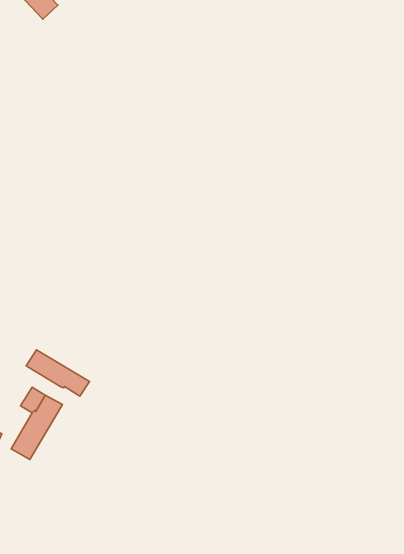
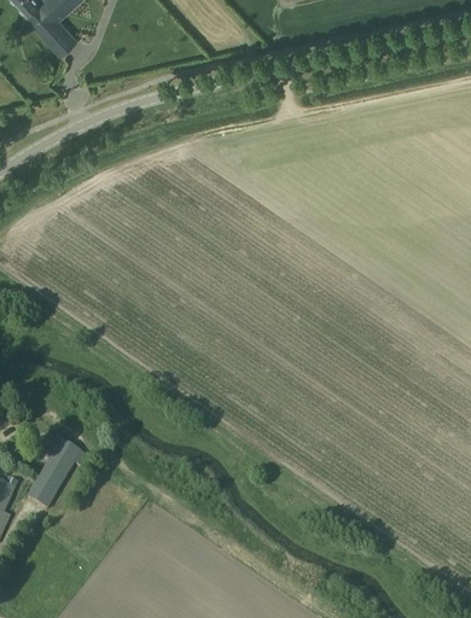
building: [26,350,90,396] -> none

